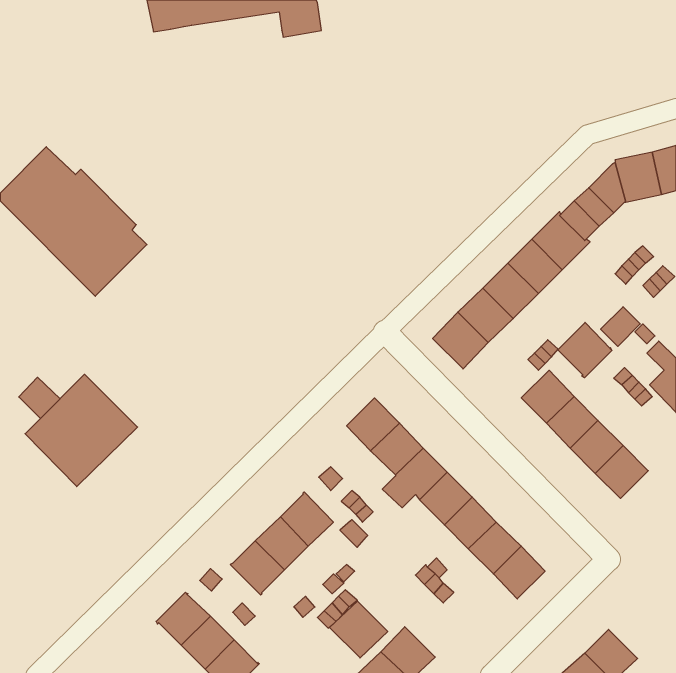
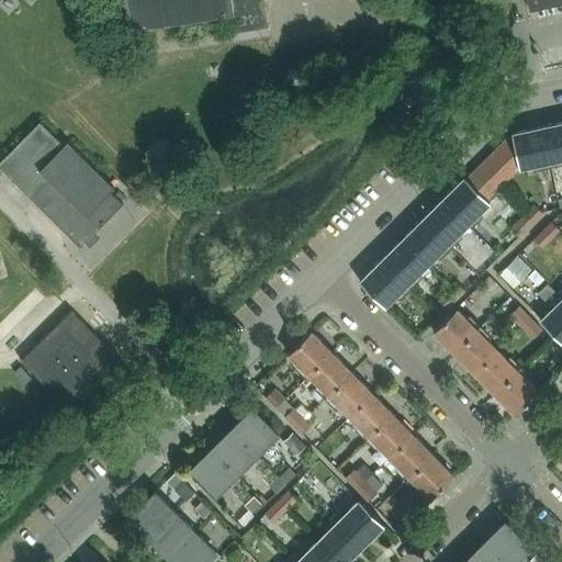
building: [558,322,612,378] -> none
building: [19,377,60,418] -> none
building: [330,601,388,658] -> [336,501,384,548]

